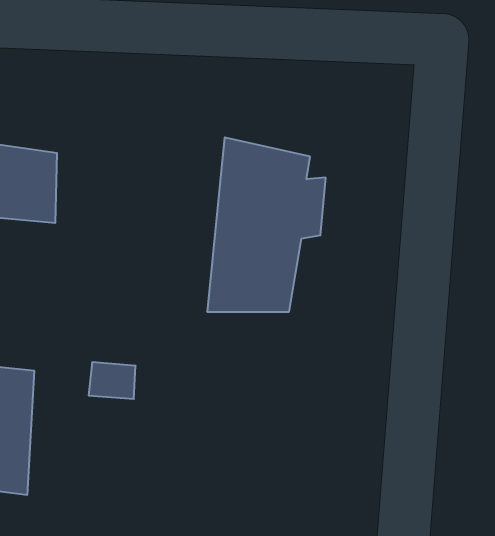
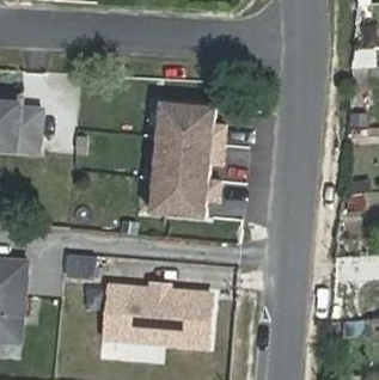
building: none -> [102,283,212,350]

